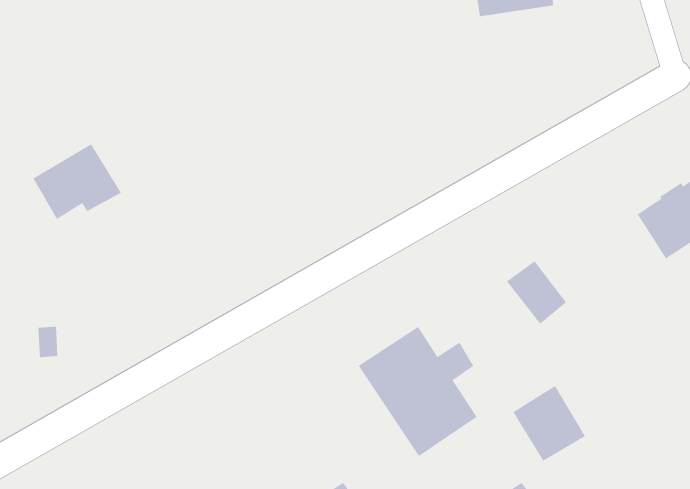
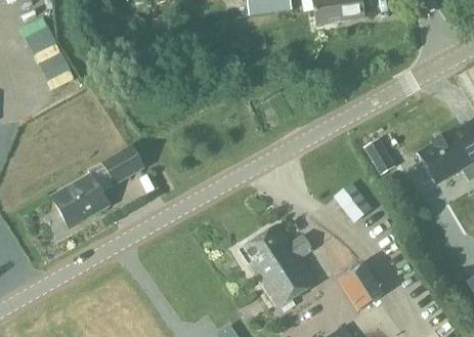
building: [33,143,122,220] -> [51,174,109,223]
building: none -> [362,137,395,174]
building: none -> [102,145,143,183]

